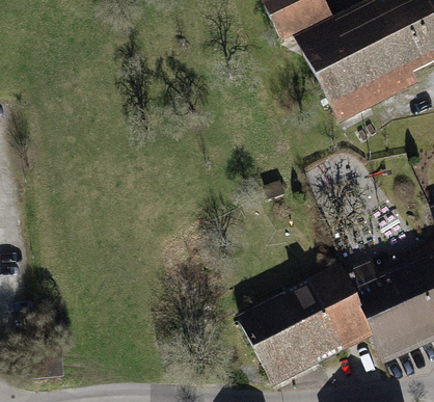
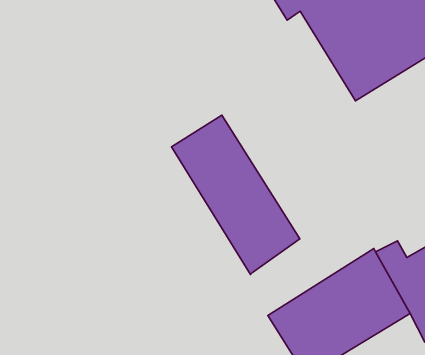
building: none -> [172,115,300,275]

